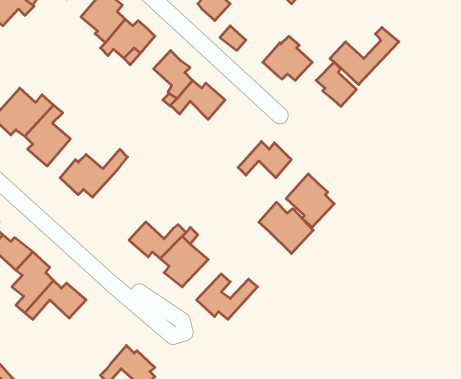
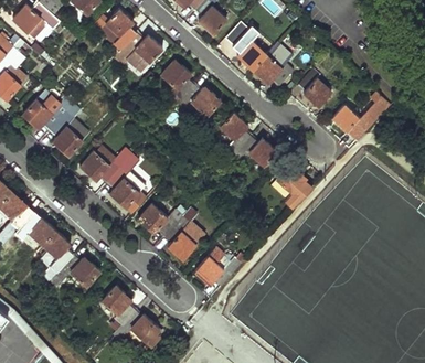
building: none -> [233,29,266,70]
building: [330,27,399,85] -> [331,93,390,141]
building: none -> [219,113,251,159]
building: none -> [107,150,152,215]
building: [259,202,313,254] -> none
building: none -> [103,286,136,325]

